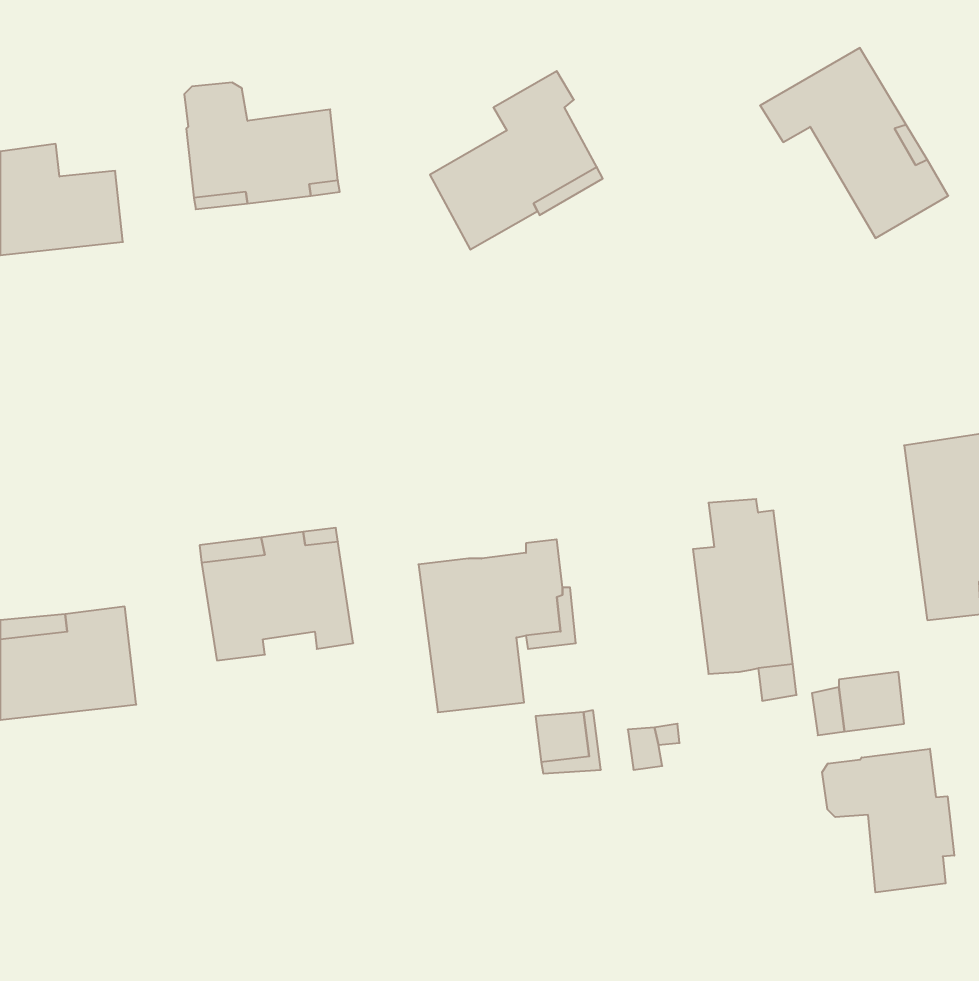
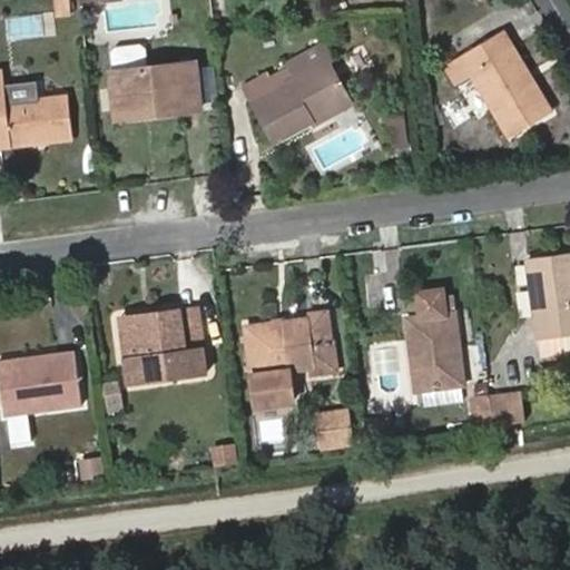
building: [822,749,954,892] -> none

